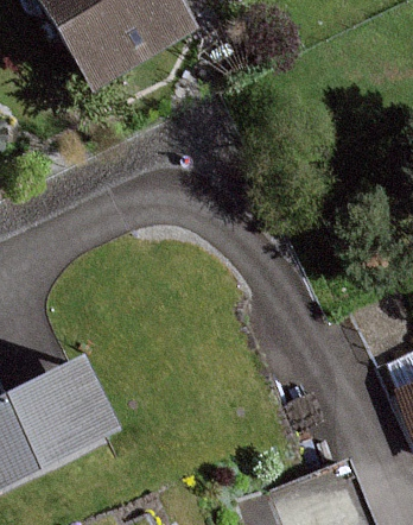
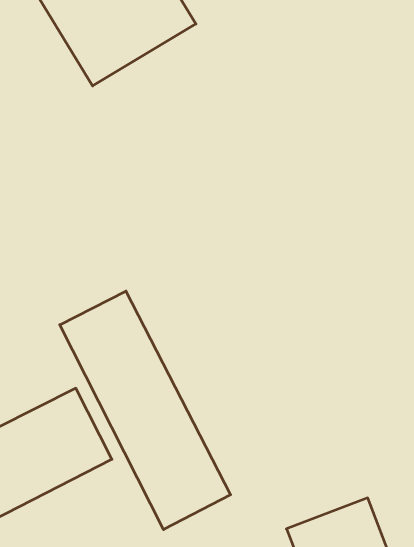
building: none -> [60,291,231,530]

